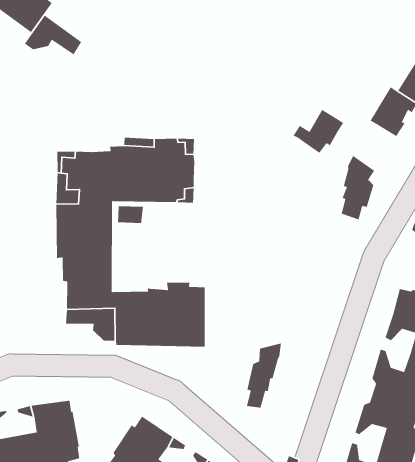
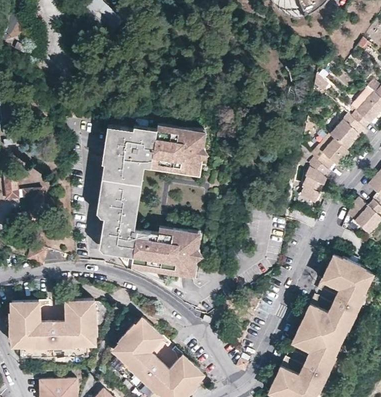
building: [24,15,82,55] -> none
building: [293,109,344,154] -> [311,139,348,170]
building: [246,342,282,409] -> none

